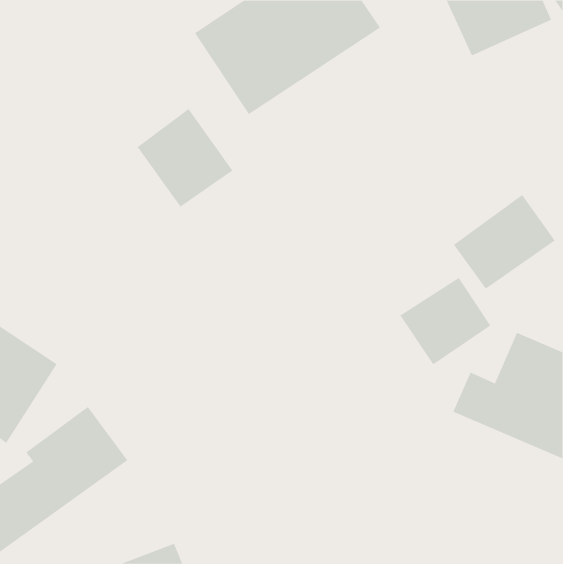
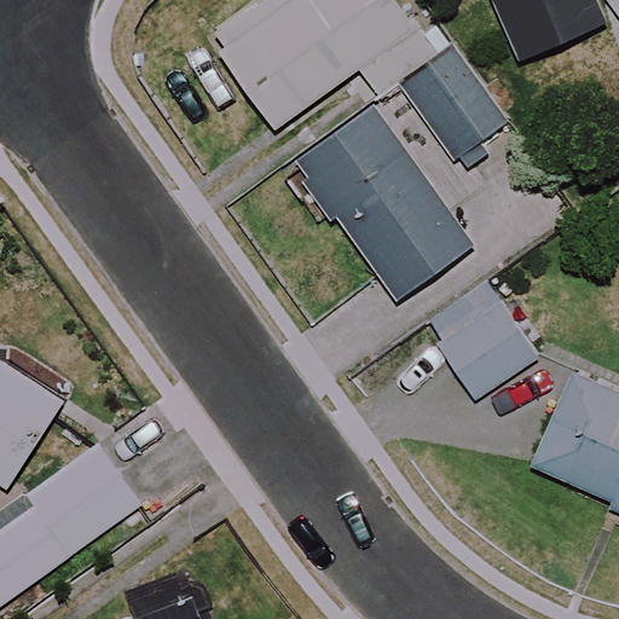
building: none -> [284,45,505,300]
building: [137,108,233,207] -> none
building: [453,194,555,290] -> none

